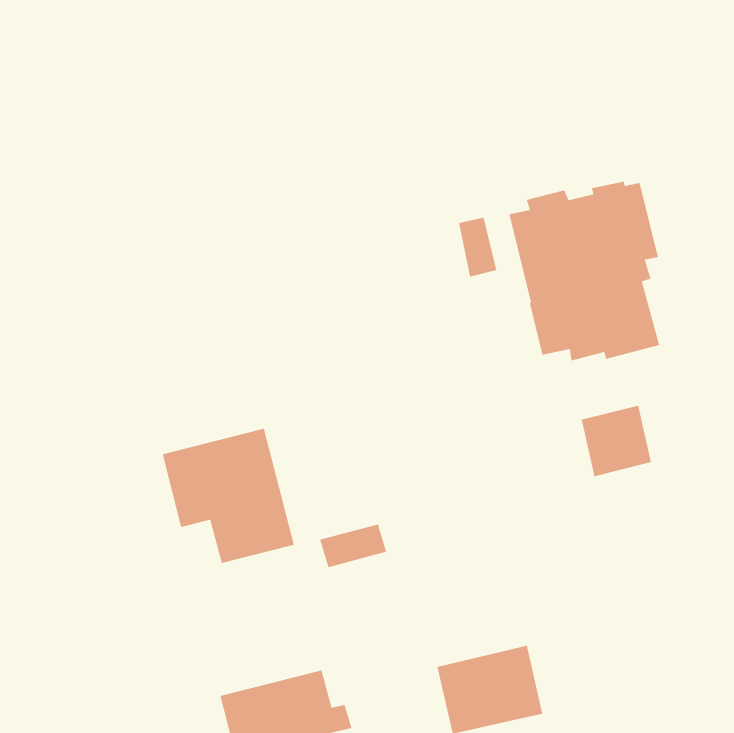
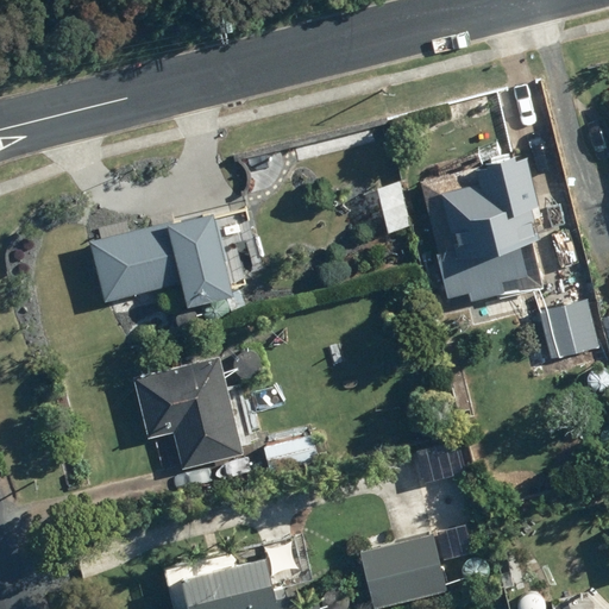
building: none -> [89,208,255,304]
building: [581,405,652,477] -> [539,300,597,359]

